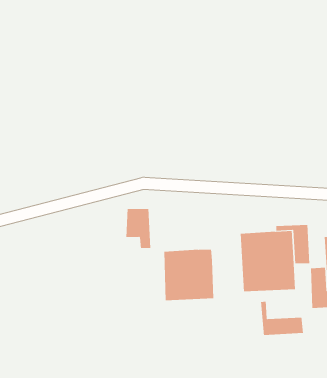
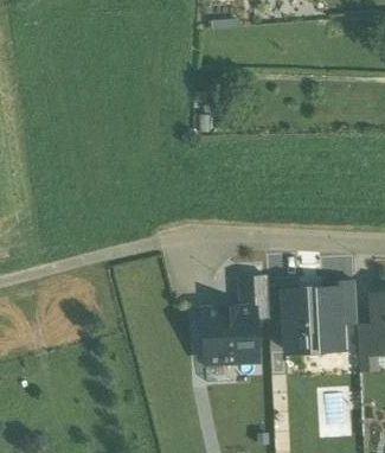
building: [126,208,151,249] -> [240,277,268,320]
building: [261,301,304,336] -> none

